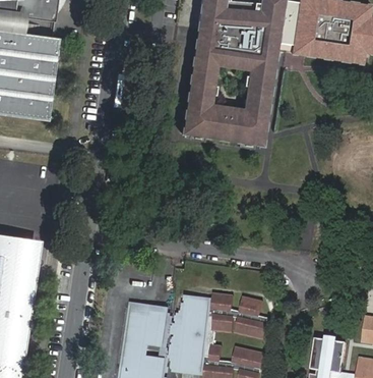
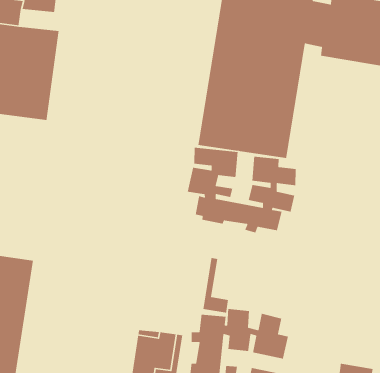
building: none -> [187,147,296,233]
building: none -> [202,257,229,313]

